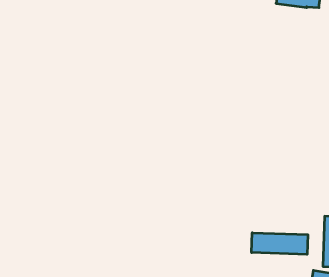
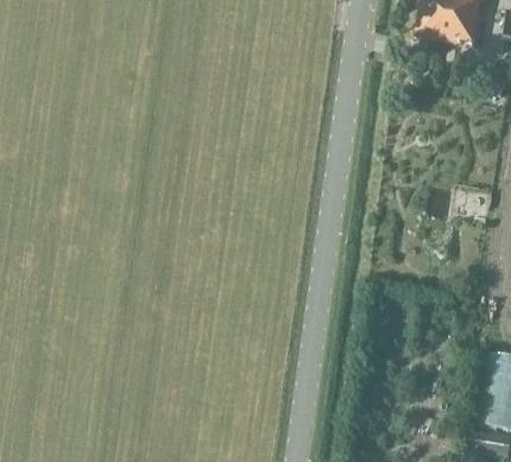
building: [252,233,308,254] -> none

